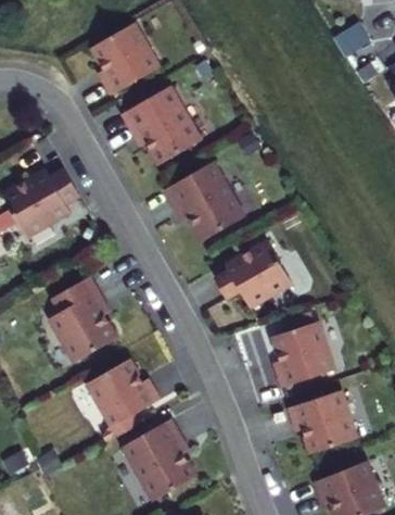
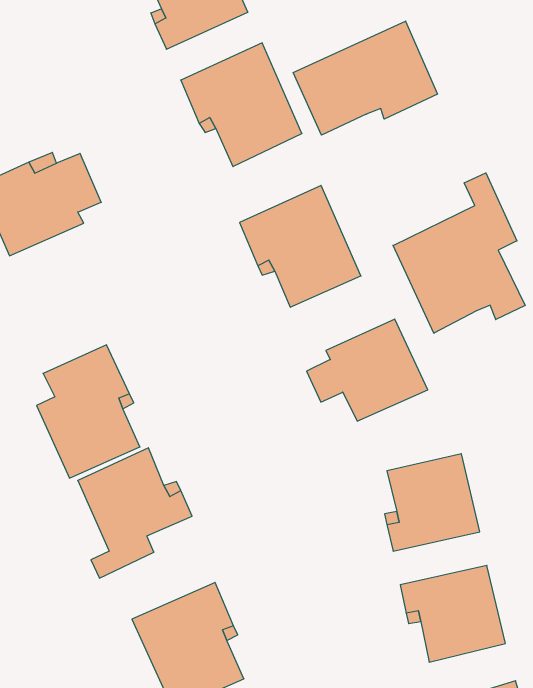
building: none -> [293,21,437,135]
building: none -> [393,173,525,333]

